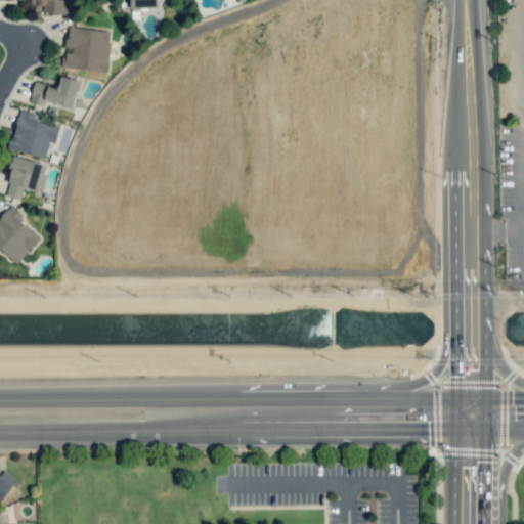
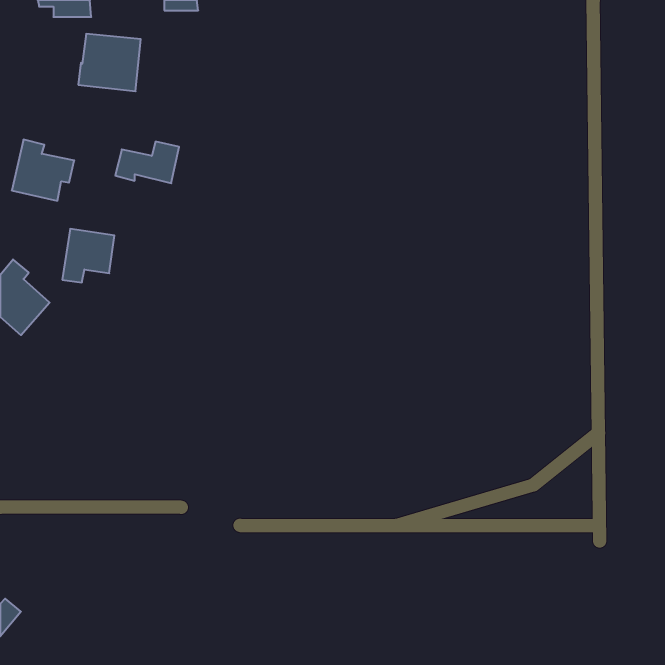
building: [30,77,80,110] -> [115,142,179,183]
building: [6,158,47,200] -> [62,229,114,282]

